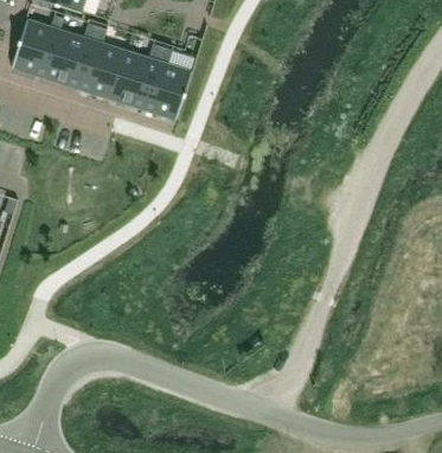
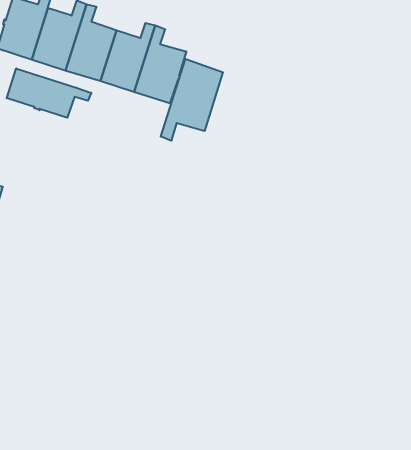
building: none -> [161,59,223,141]
building: none -> [7,68,91,118]

